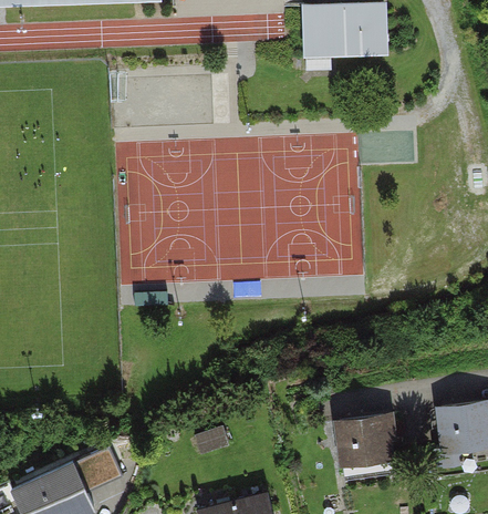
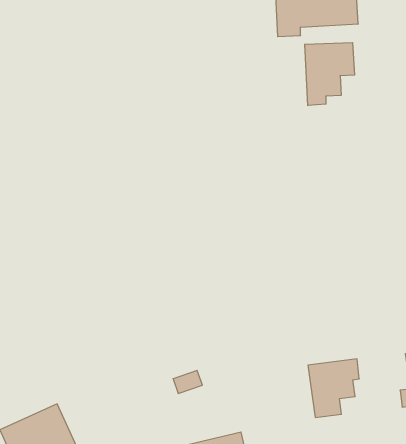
building: none -> [305,43,354,106]
building: [77,444,123,489] -> none

